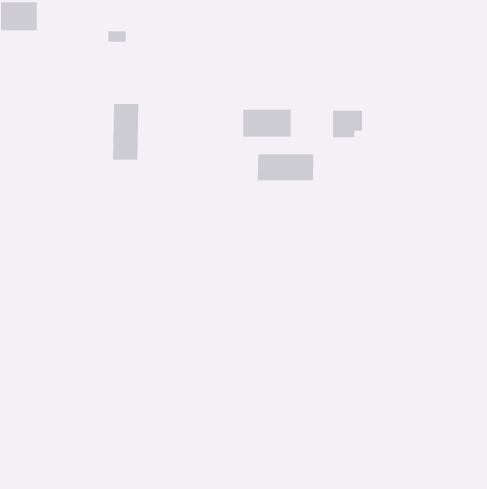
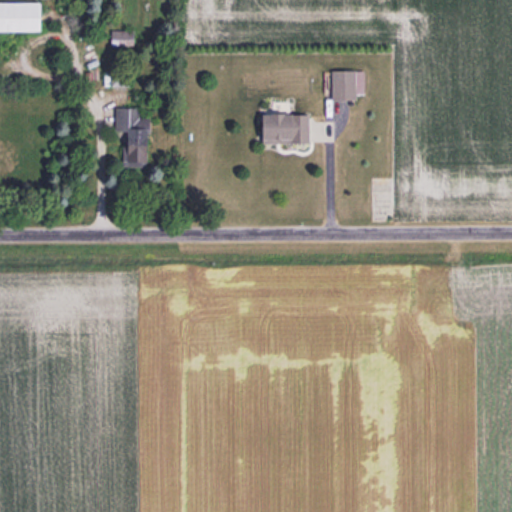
building: [332,110,363,138] -> [331,72,363,101]
building: [257,153,314,181] -> none

